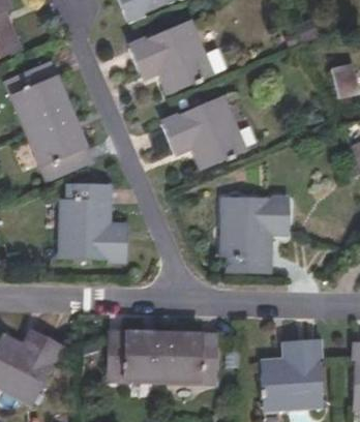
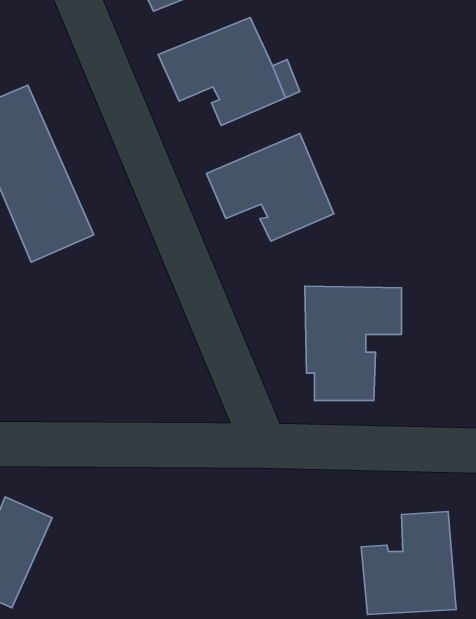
building: [62,184,125,257] -> none
building: [108,334,215,381] -> none

